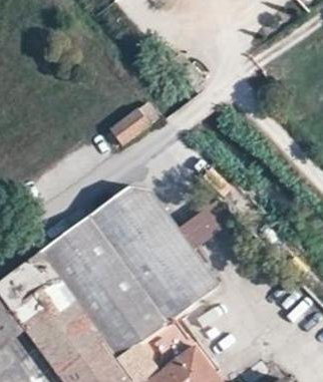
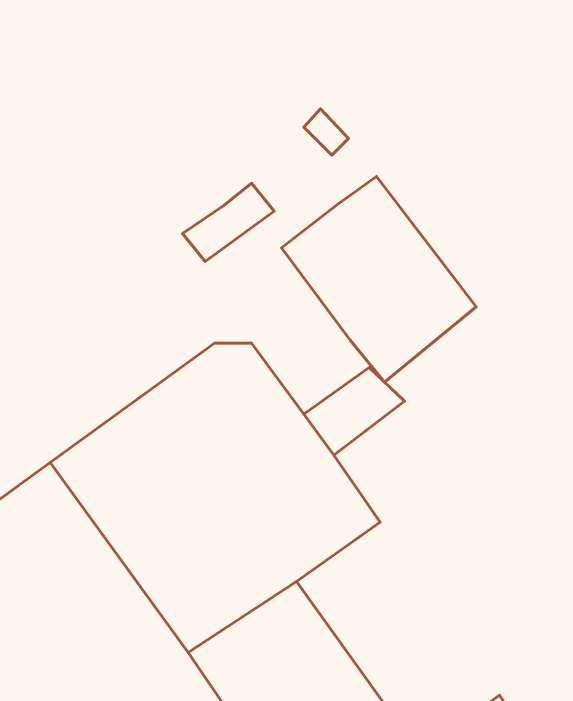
building: none -> [282,177,476,382]

